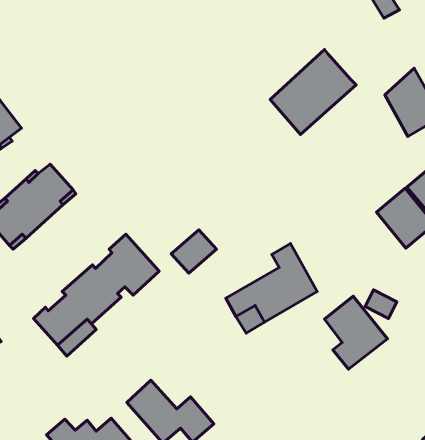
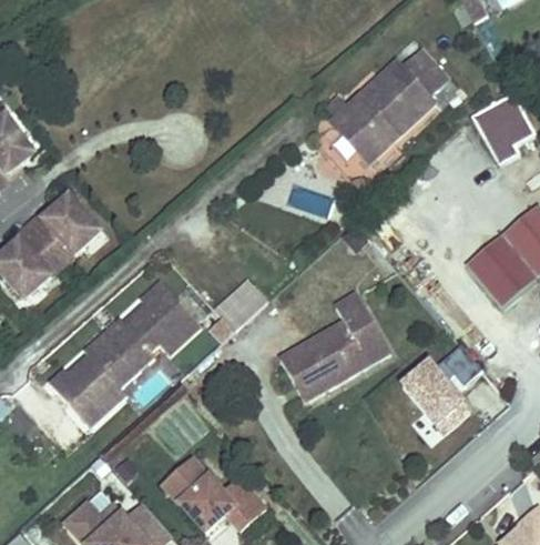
building: none -> [403,50,447,95]

